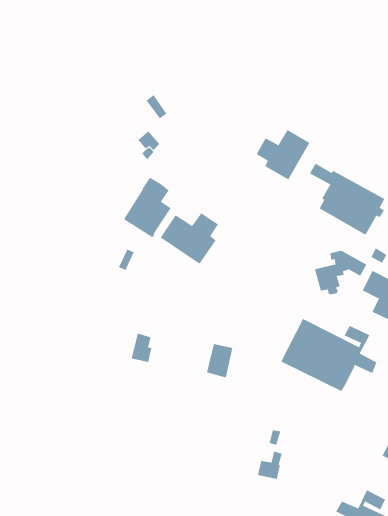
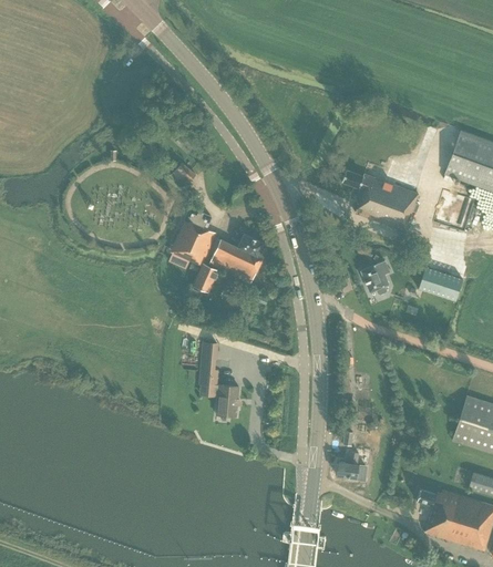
building: [256,129,310,180] -> none
building: none -> [192,262,218,292]
building: [280,318,377,392] -> none
building: [206,344,233,378] -> [216,385,238,416]

